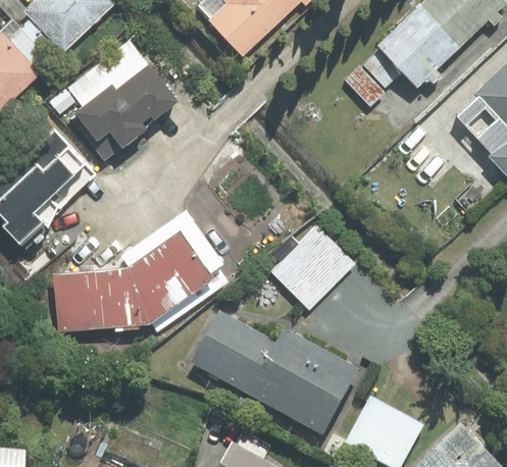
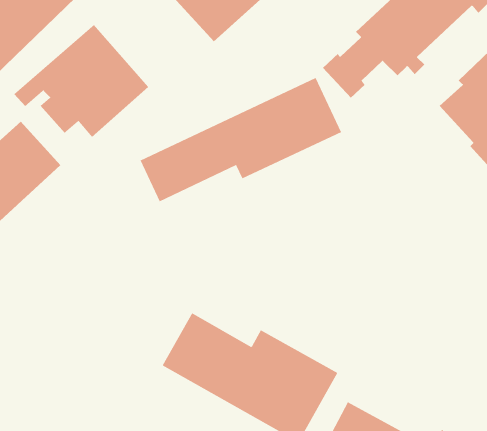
building: none -> [140,77,342,202]
building: [53,208,230,331] -> none
building: [270,224,357,310] -> none

